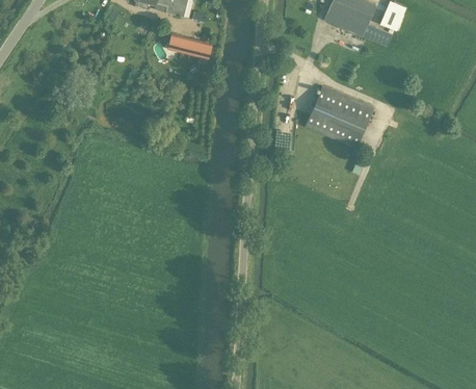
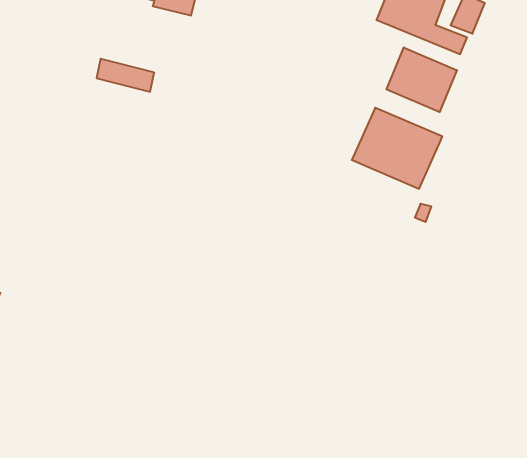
building: [167,33,211,58] -> [97,59,154,92]
building: none -> [387,47,457,112]

